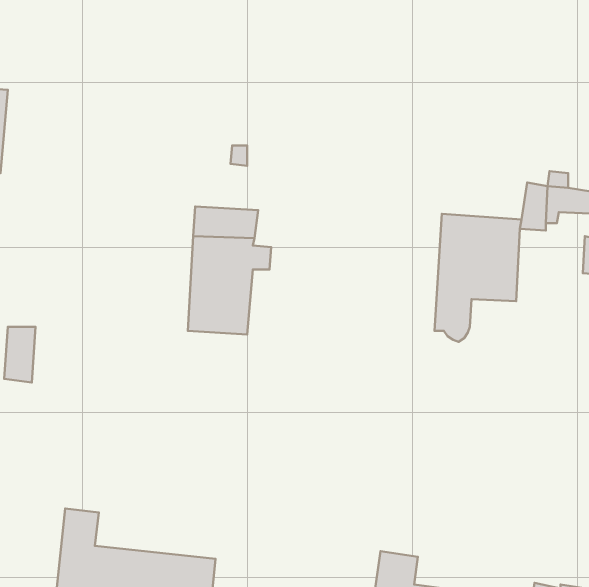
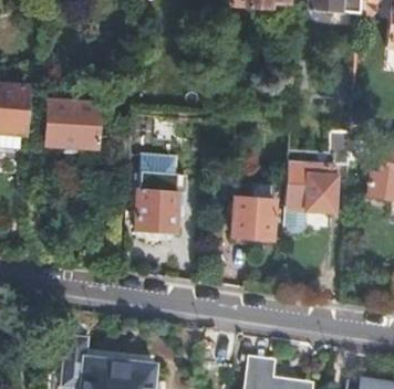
building: none -> [48,94,100,147]
building: none -> [231,177,274,244]

